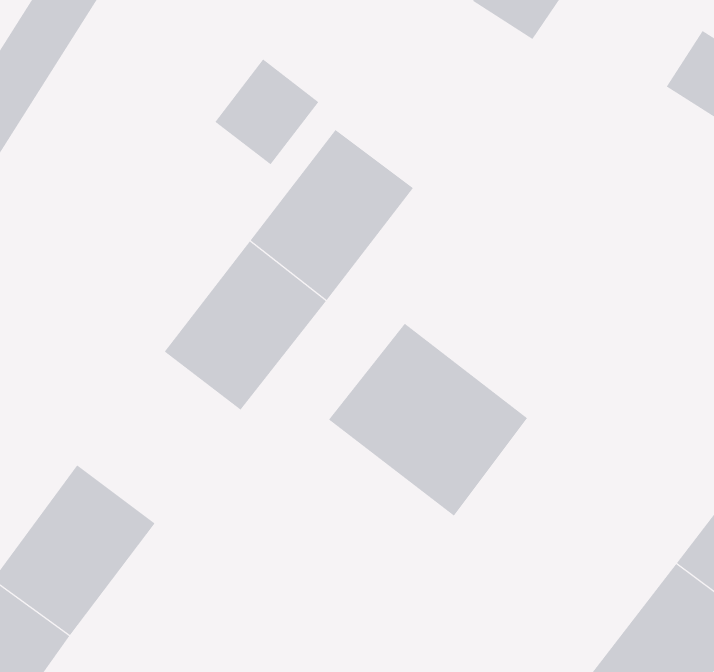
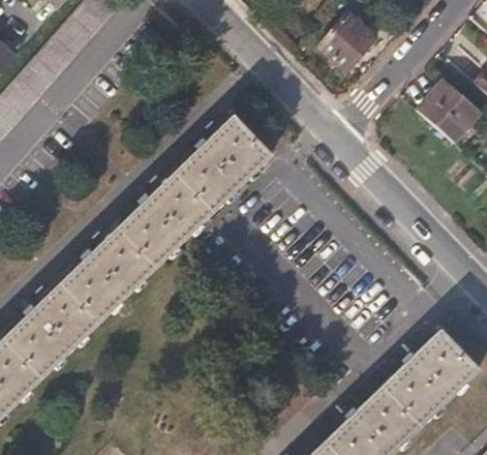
building: [214,59,319,165] -> none
building: [328,323,528,516] -> none
building: none -> [64,218,159,312]

